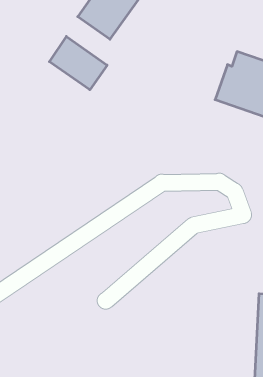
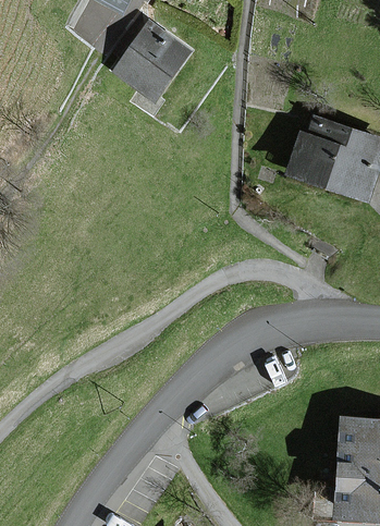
building: [49,36,107,90] -> none

